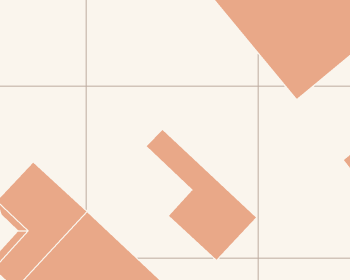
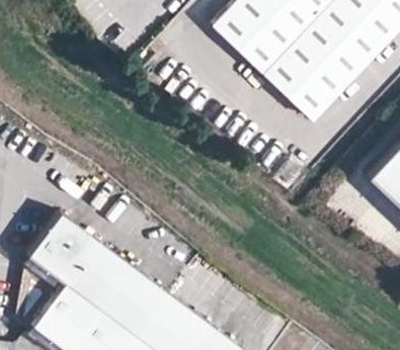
building: [146,129,257,261] -> none

